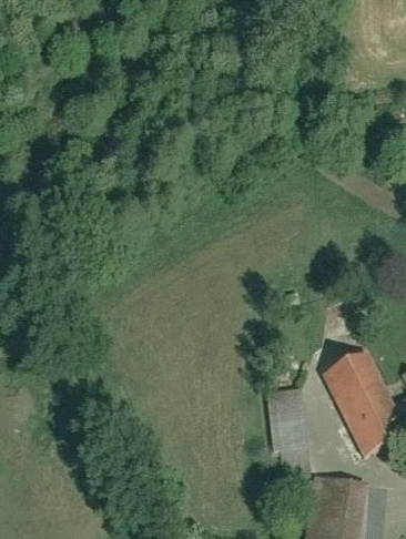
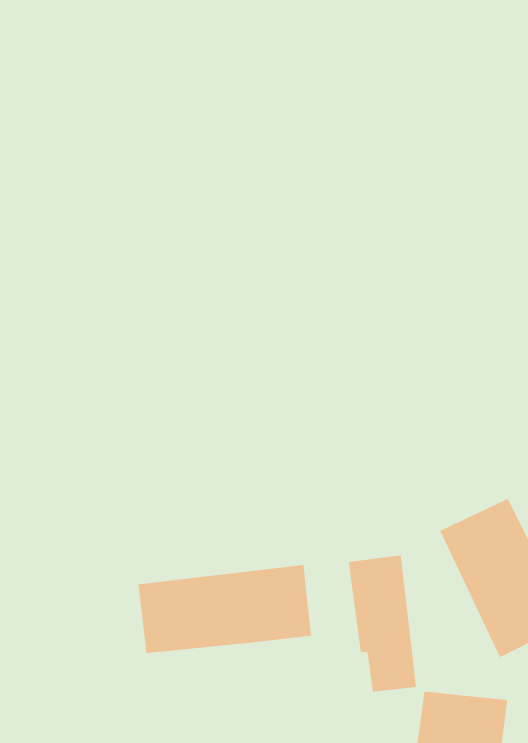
building: none -> [138,564,312,654]

